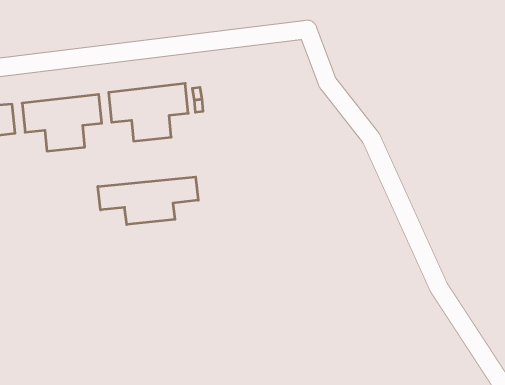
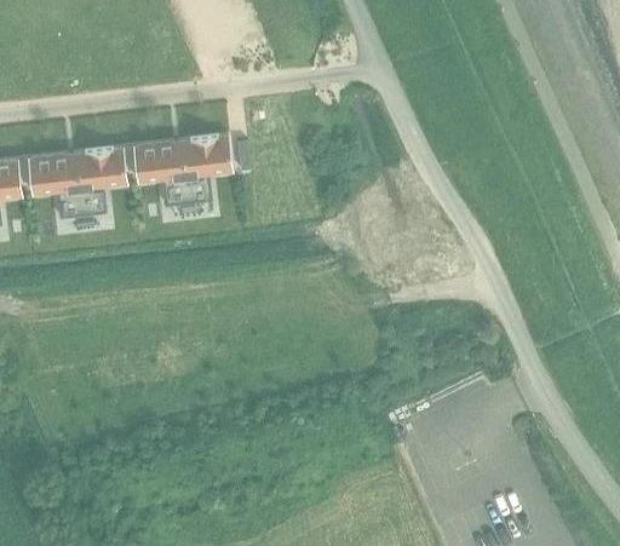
building: [98,177,198,225] -> none

